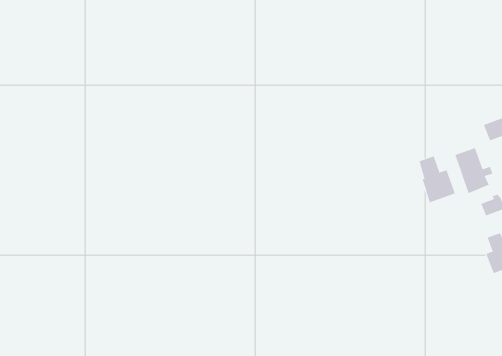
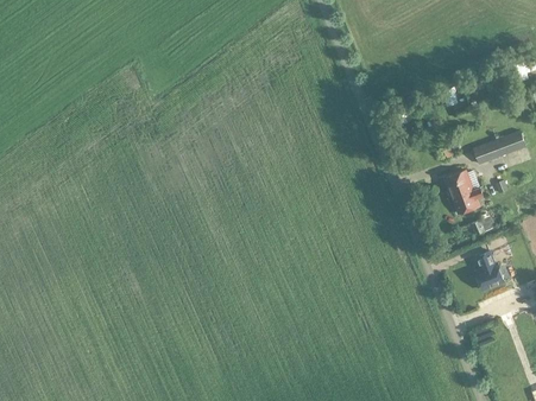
building: [419,155,455,203] -> none

